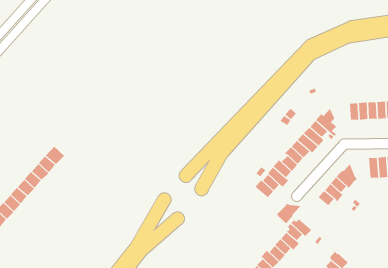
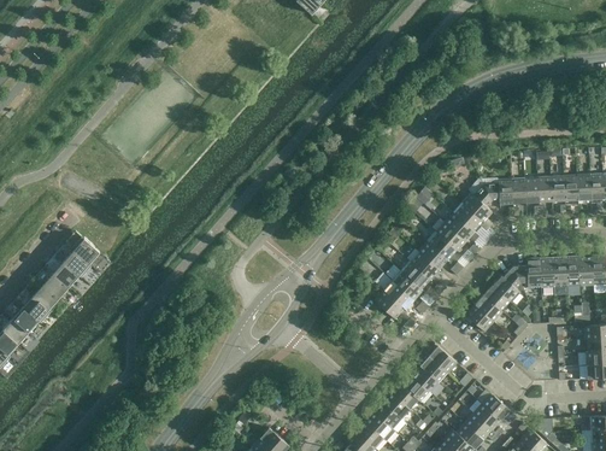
building: none -> [483,178,512,204]
building: none -> [512,257,541,288]
building: [276,203,302,224] -> none

